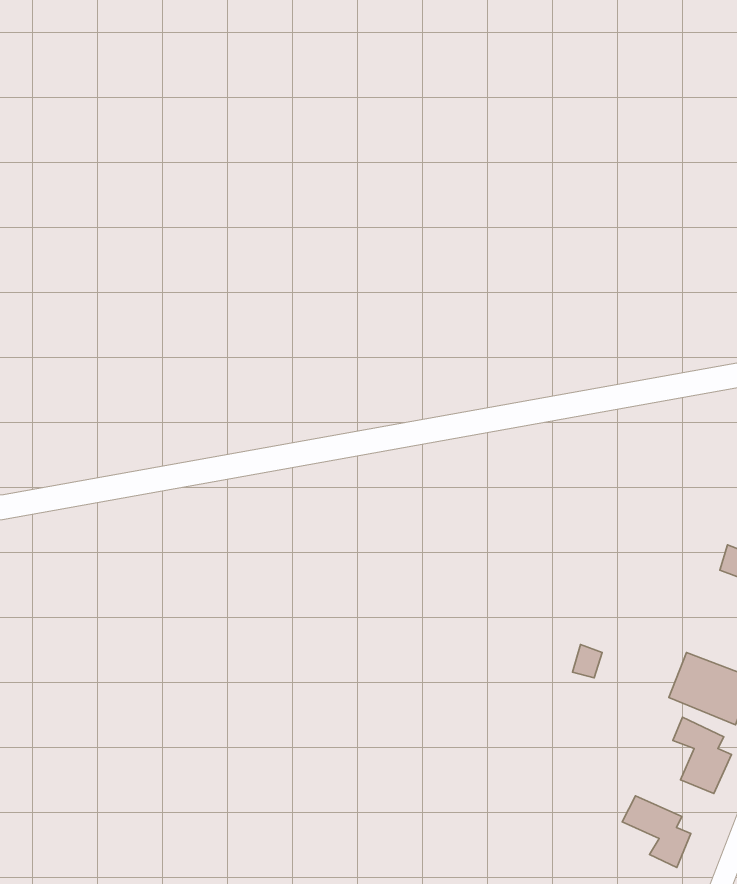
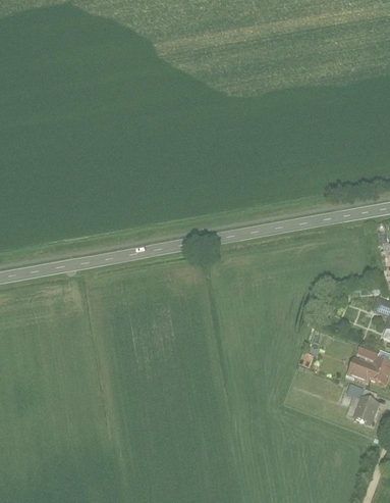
building: [622,796,691,867] -> none

